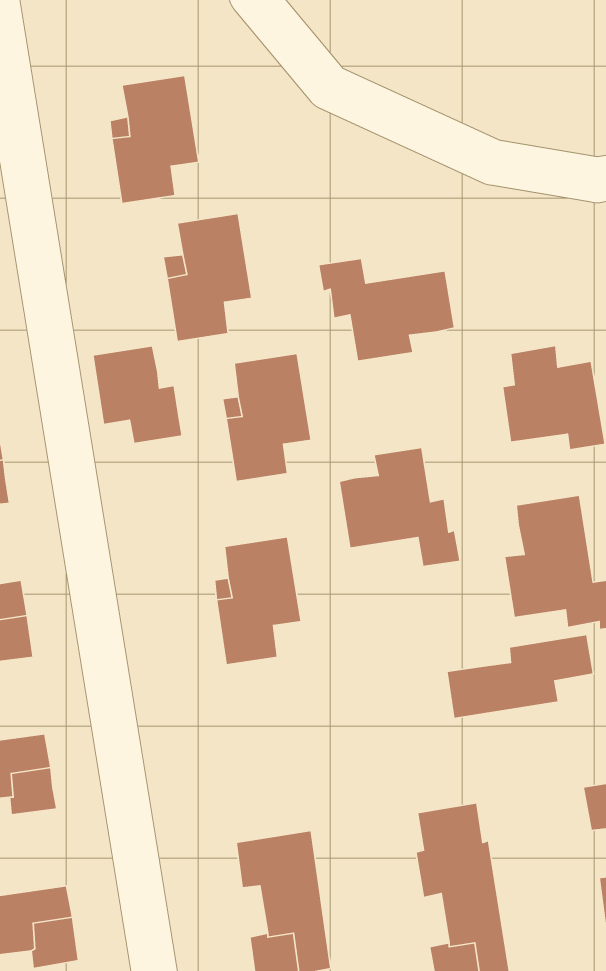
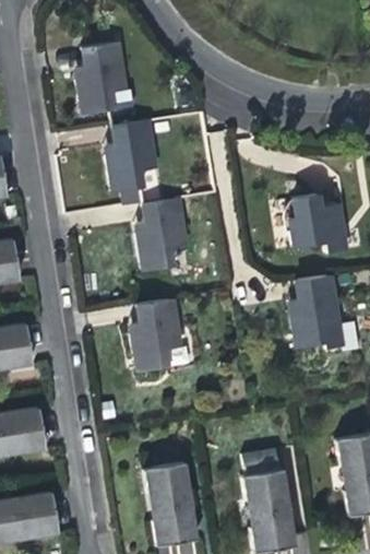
building: [318,258,454,361] -> none
building: [93,346,182,443] -> none
building: [339,448,460,567] -> none
building: [447,635,593,718] -> none

